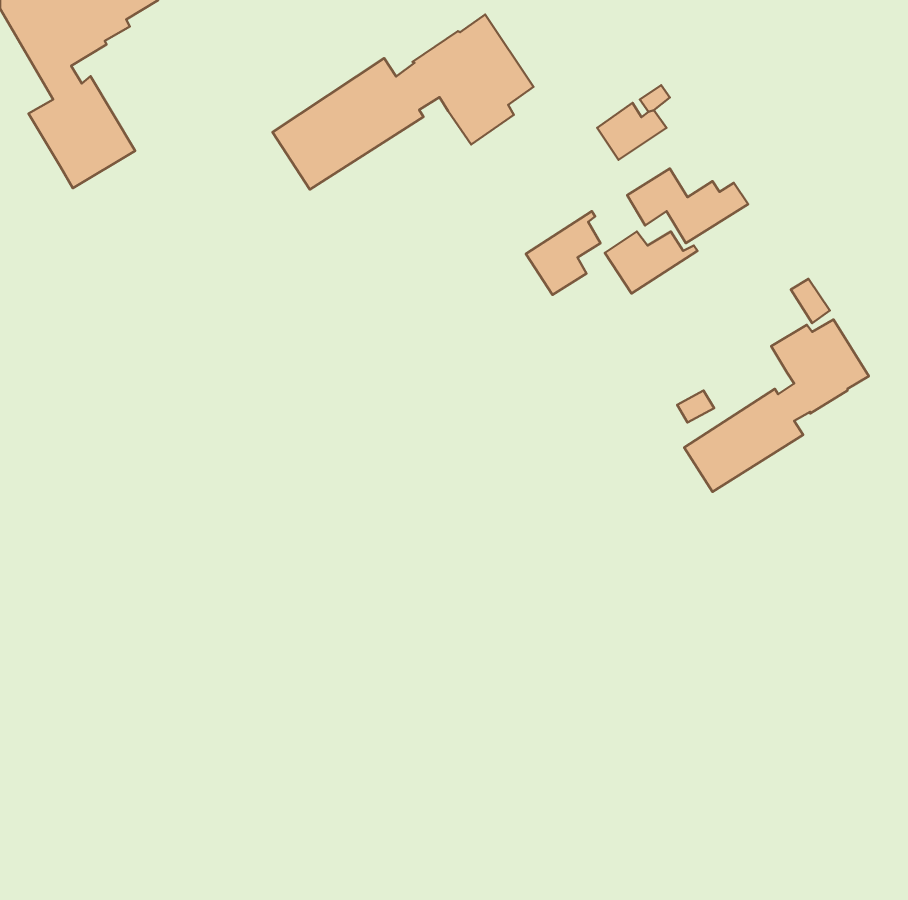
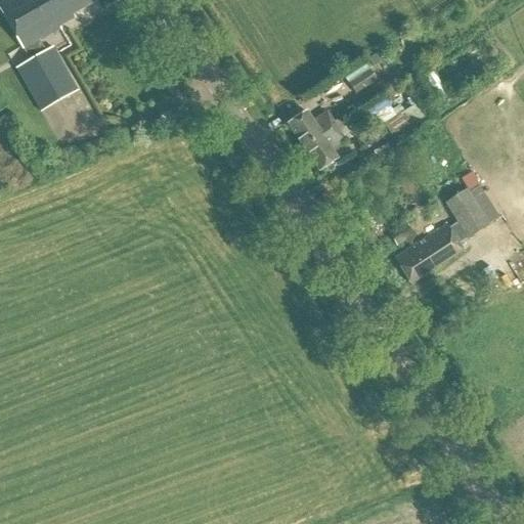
building: [272,14,533,190] -> none
building: [605,231,697,294] -> [288,111,341,146]

